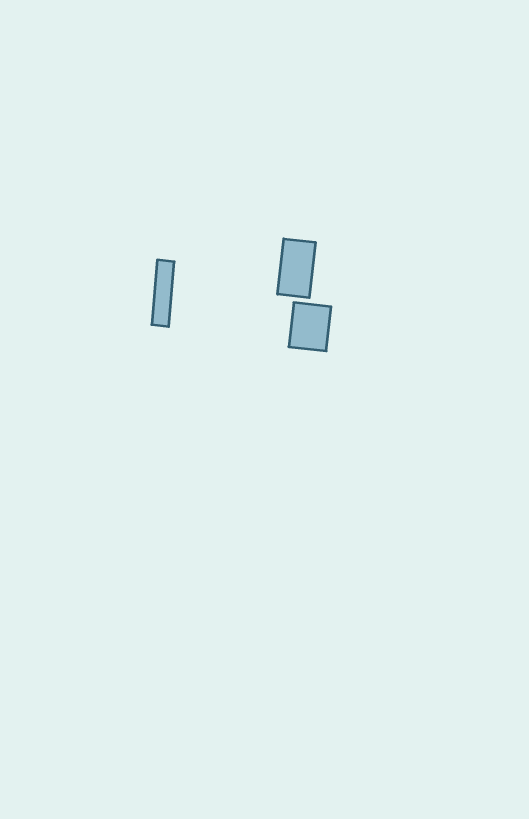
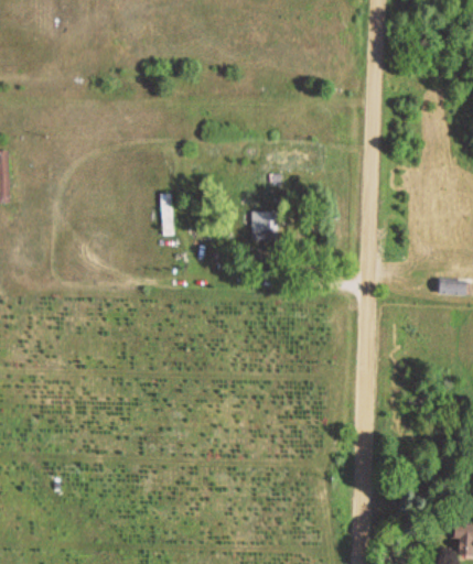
building: [278,239,315,298] -> none

